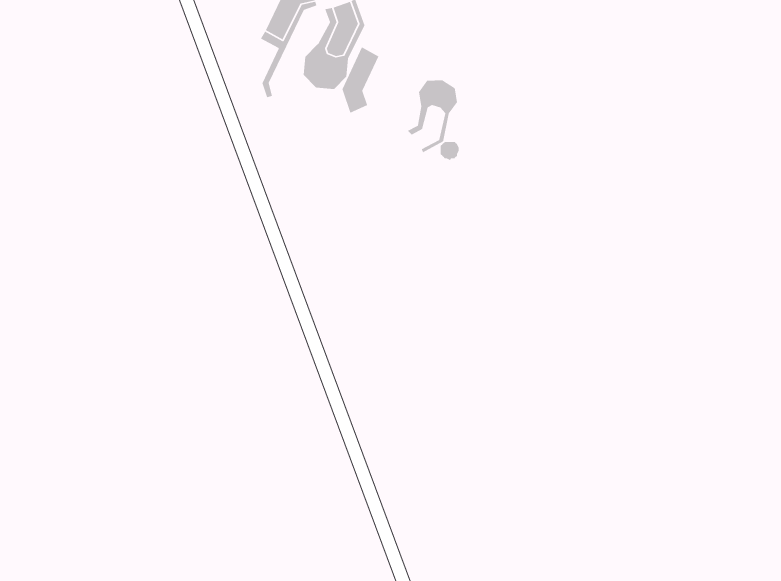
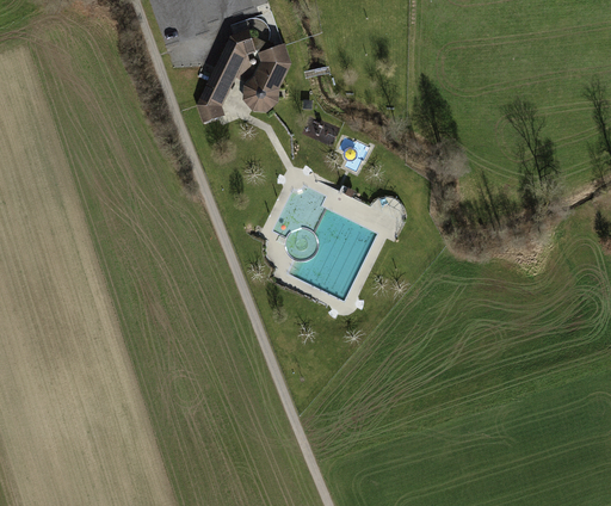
building: [342,46,380,114] -> [199,73,227,122]
building: [407,79,458,153] -> none

